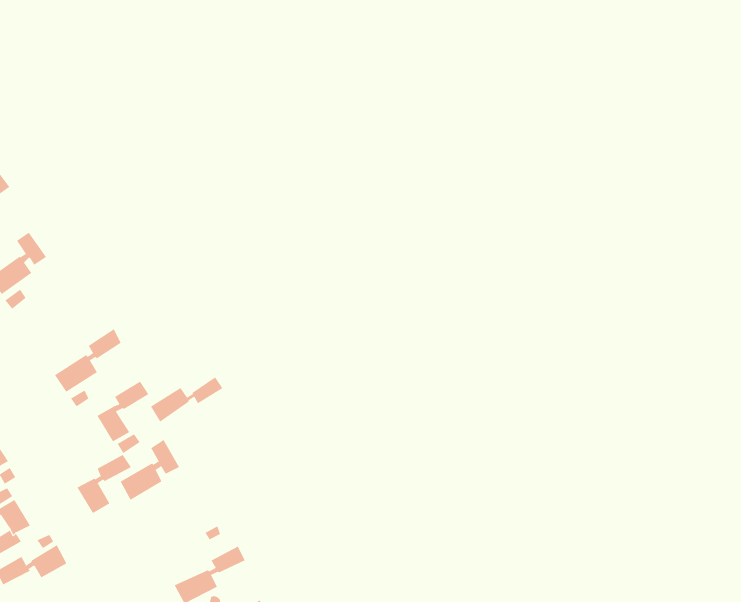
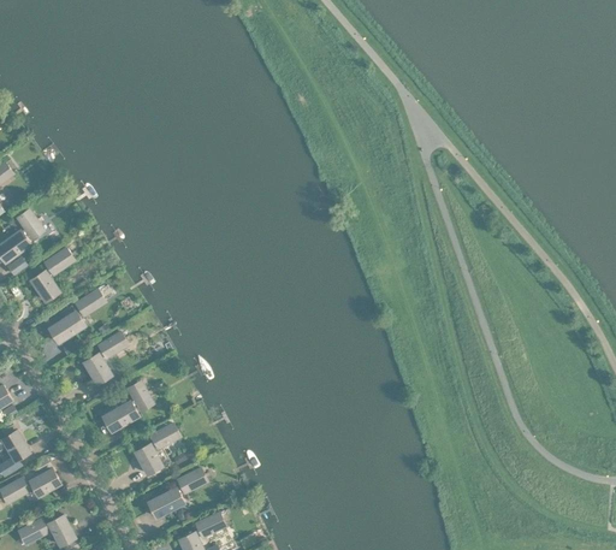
building: none -> [30,249,73,301]
building: [150,376,223,422] -> none
building: [76,454,132,514] -> [134,425,179,474]

